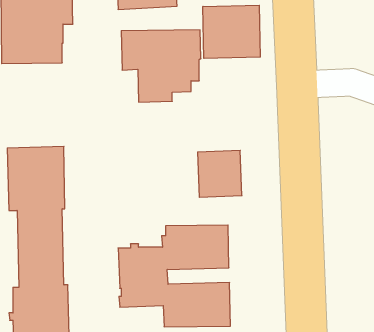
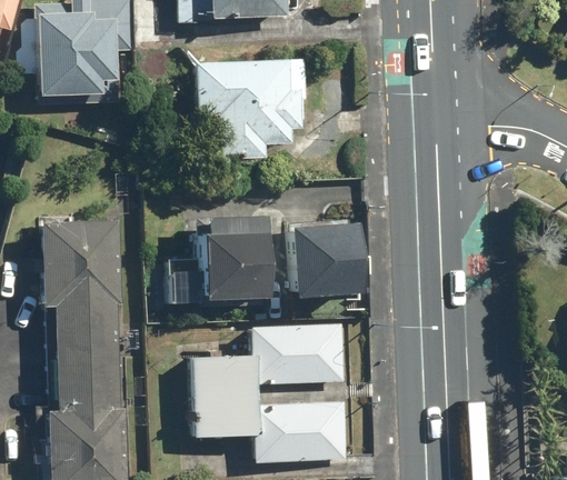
building: [203,5,260,58] -> none
building: none -> [168,210,271,301]

